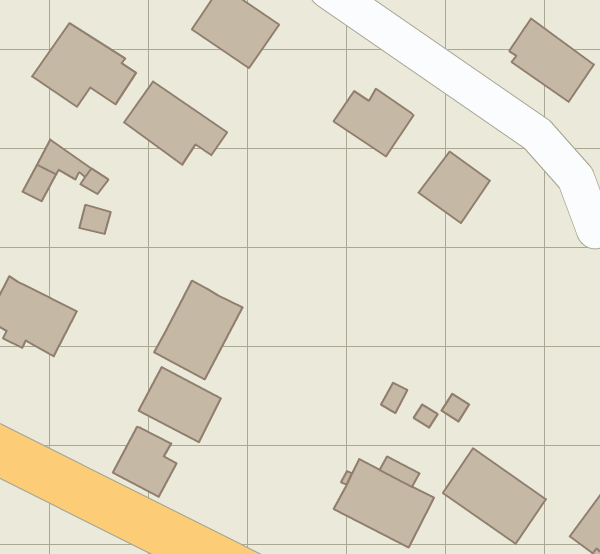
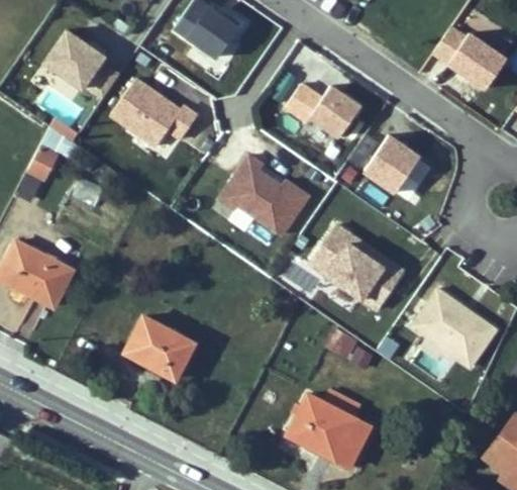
building: none -> [219,152,311,236]
building: none -> [308,224,404,313]
building: [154,281,243,379] -> none
building: [113,427,176,497] -> none
building: [443,448,546,544] -> [407,290,493,370]

